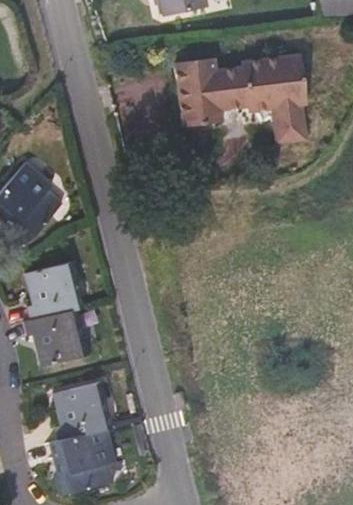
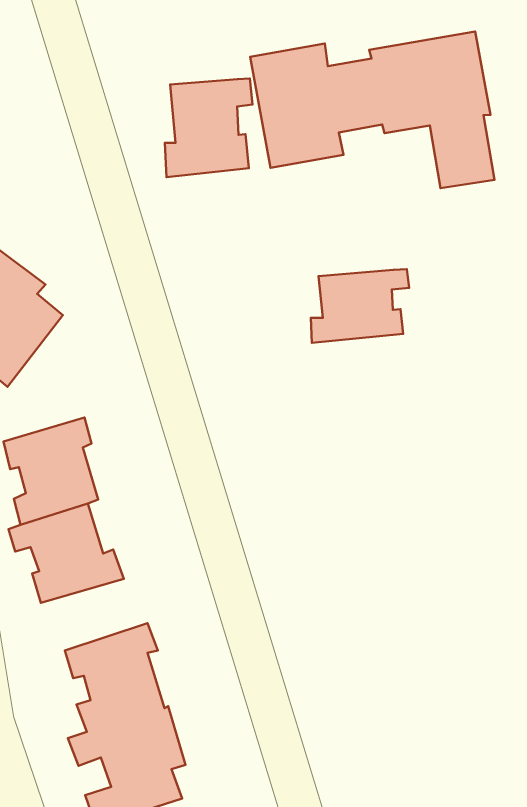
building: none -> [165,79,252,177]
building: none -> [311,269,409,343]

